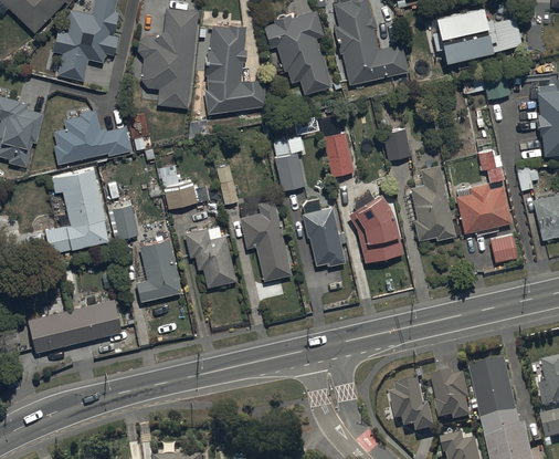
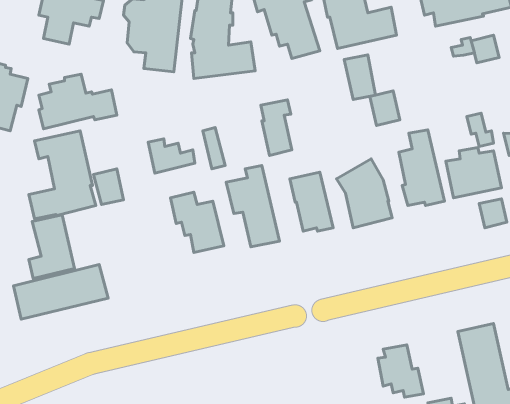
building: [324,133,355,177] -> [344,55,375,100]
building: [137,240,182,303] -> [29,215,74,278]
building: [432,372,471,421] -> none

